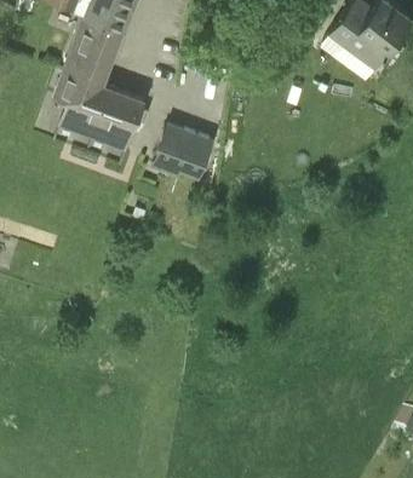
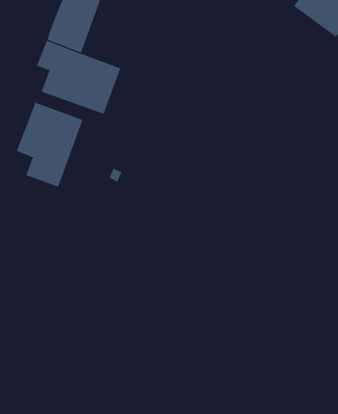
building: [151,122,213,180] -> none
building: none -> [16,102,83,188]

